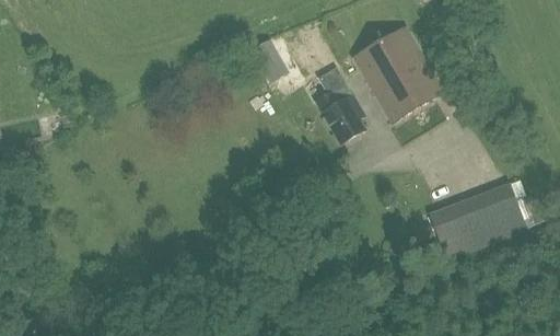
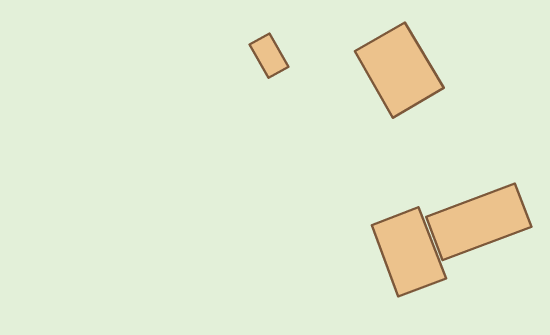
building: [315,67,365,142] -> none
building: none -> [372,207,446,296]

